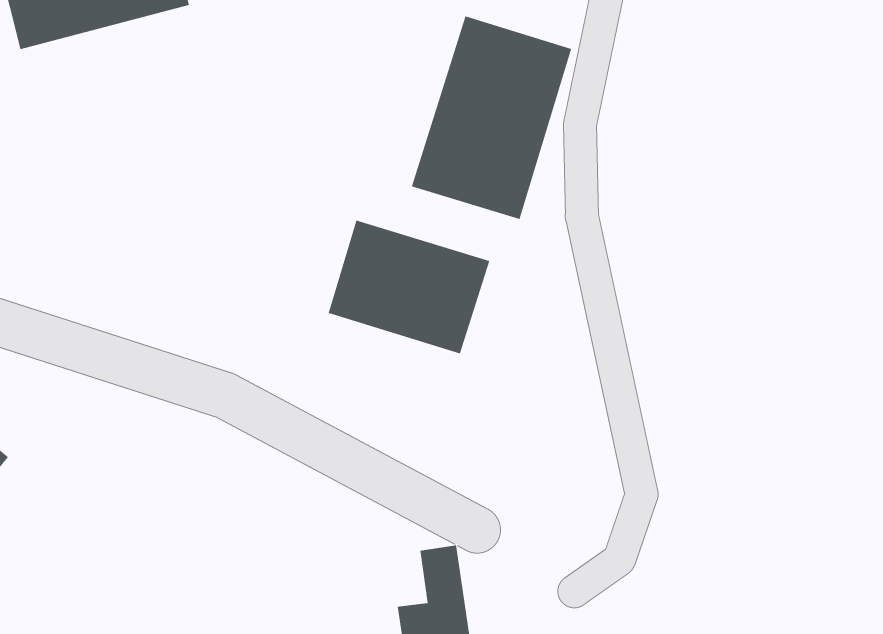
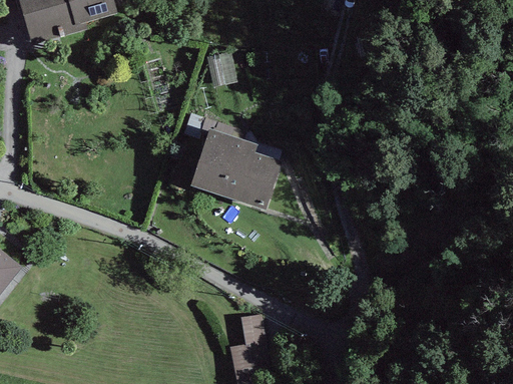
building: [411,15,572,220] -> none

